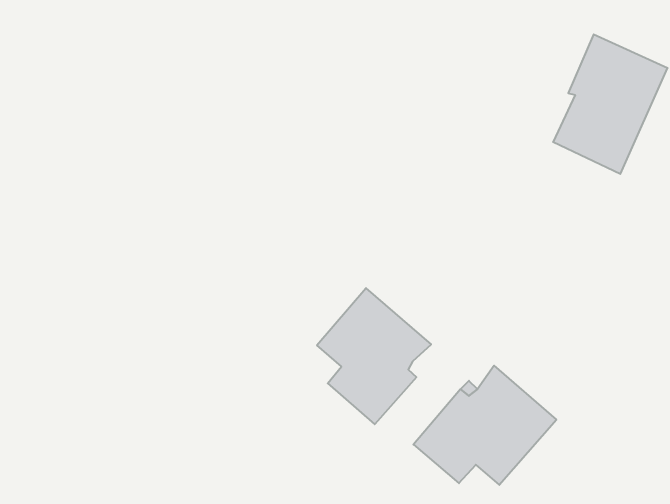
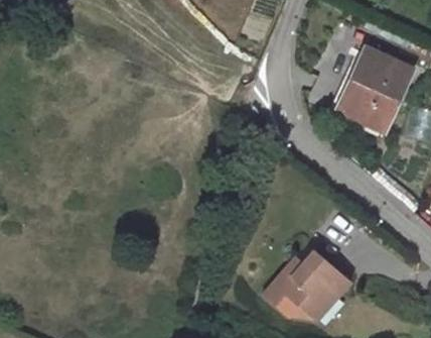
building: [317,288,431,424] -> none

